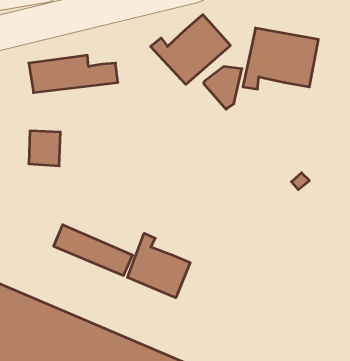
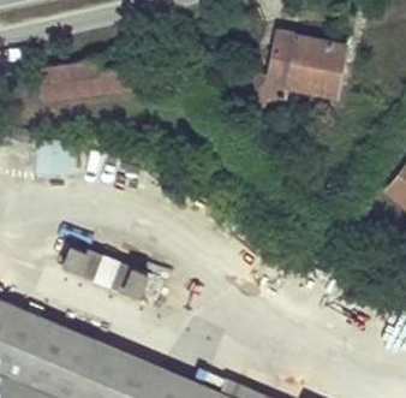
building: [151,15,230,84] -> none
building: [127,233,190,298] -> none

